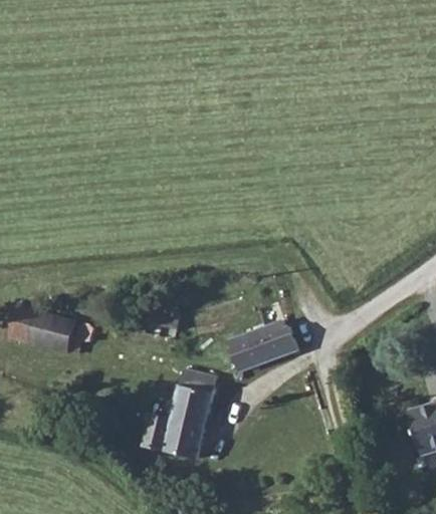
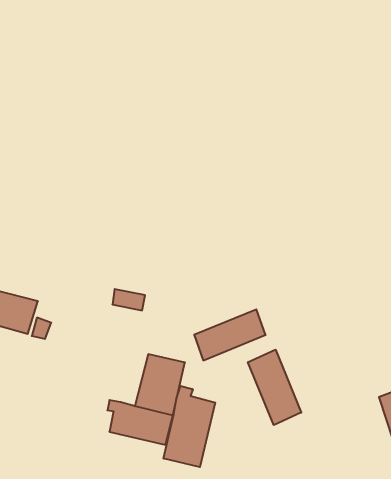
building: none -> [248,350,301,425]
building: none -> [164,386,215,467]

